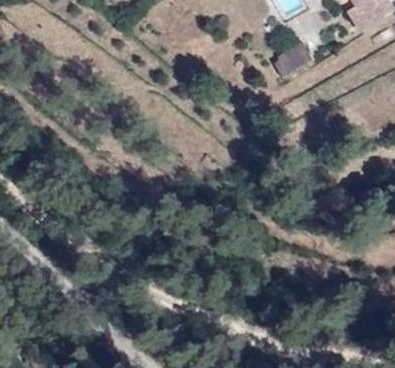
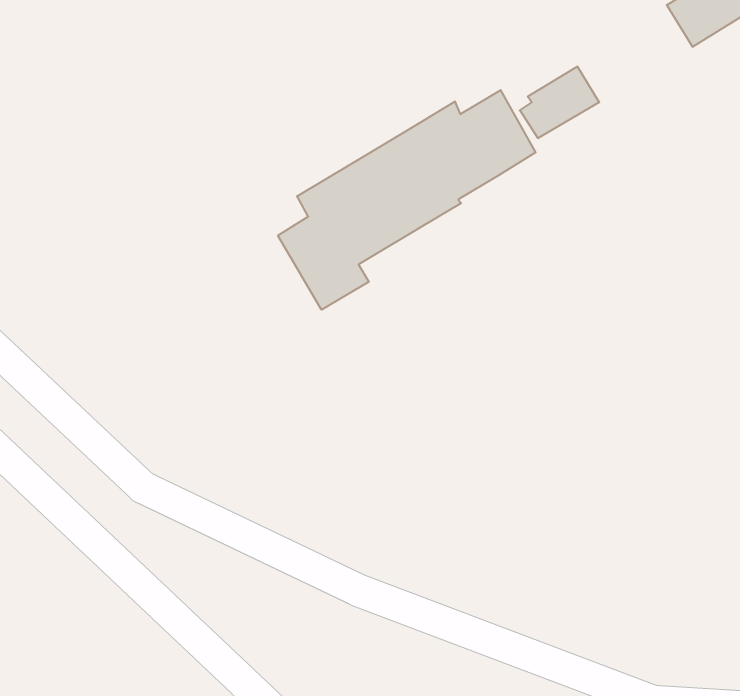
building: none -> [278,90,536,310]

